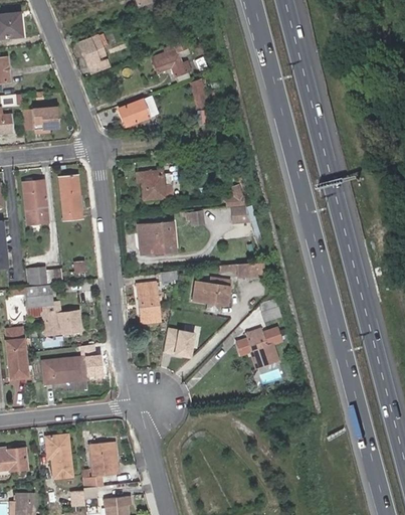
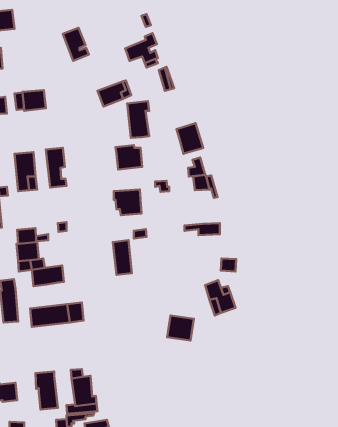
building: none -> [127,101,149,138]
building: none -> [177,123,203,154]
building: [192,277,235,306] -> none
building: [164,329,195,358] -> [167,315,194,341]

